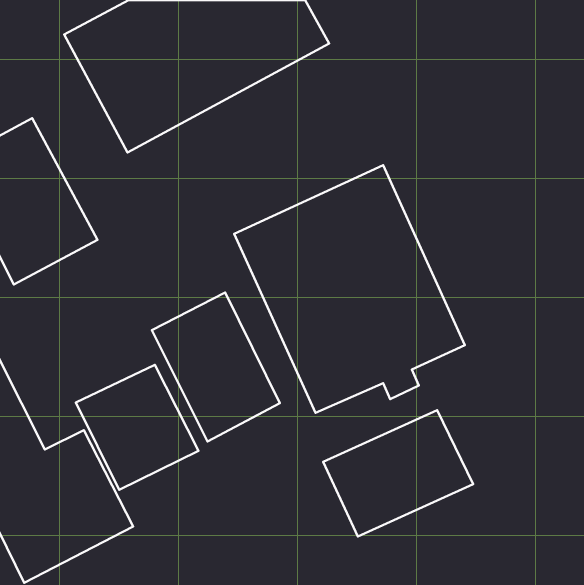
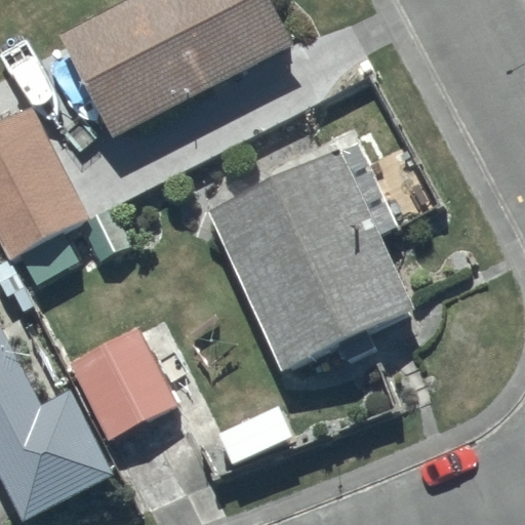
building: [152,293,280,441] -> none
building: [323,410,473,536] -> none

